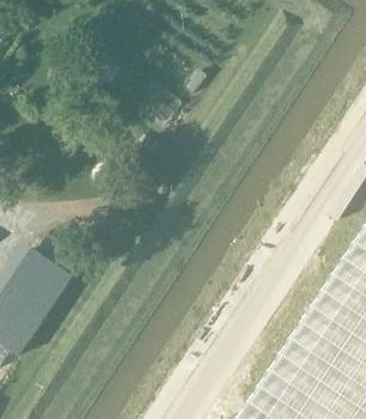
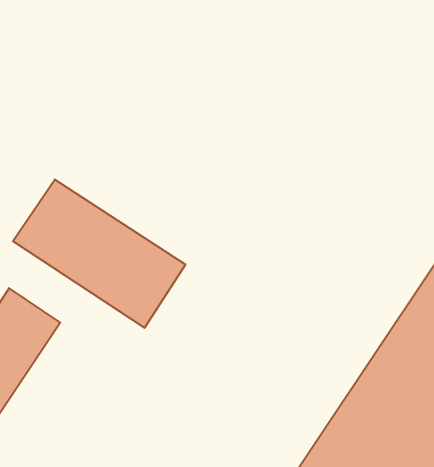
building: none -> [13,179,185,328]

